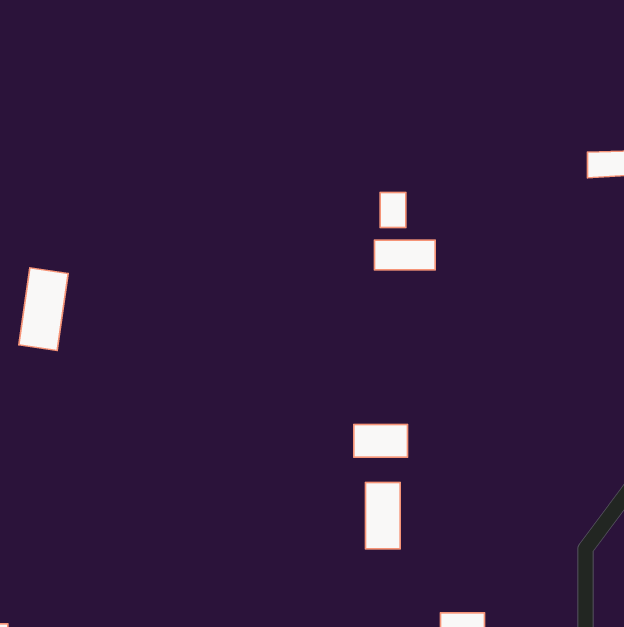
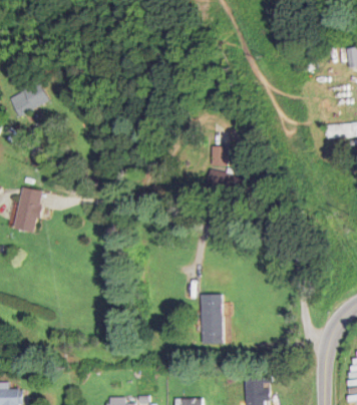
building: none -> [8,83,47,117]
building: [354,424,408,457] -> none

